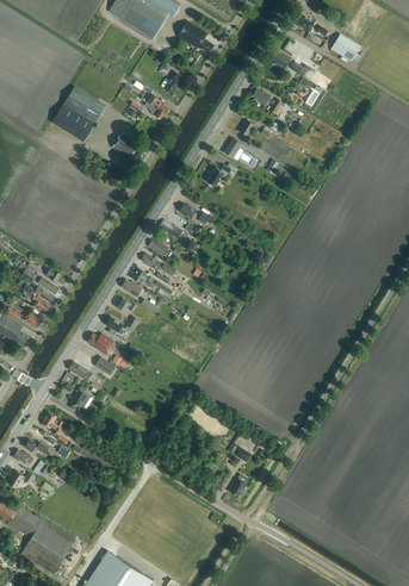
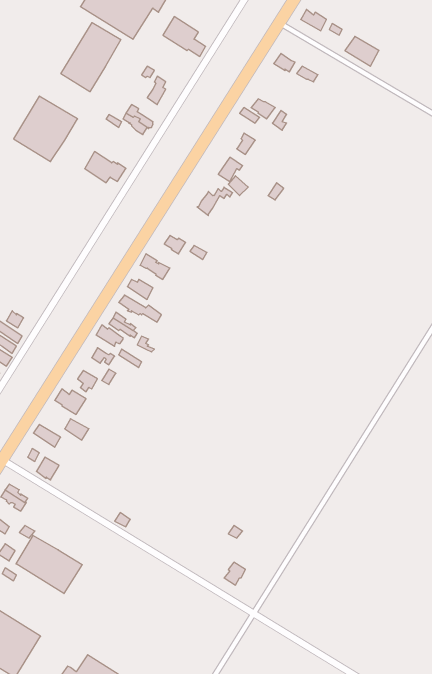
building: none -> [61,23,121,92]
building: none -> [16,535,82,594]

